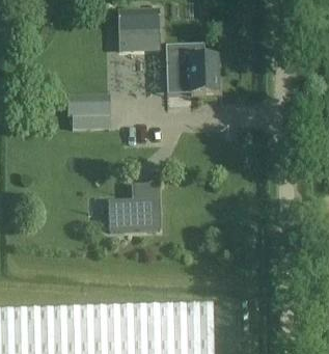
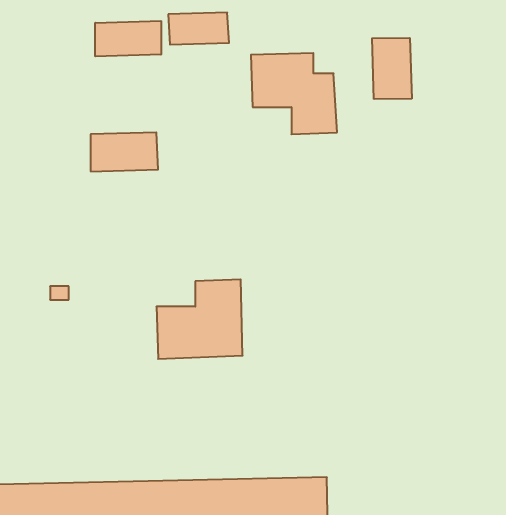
building: none -> [95,21,161,56]
building: none -> [372,38,412,99]

